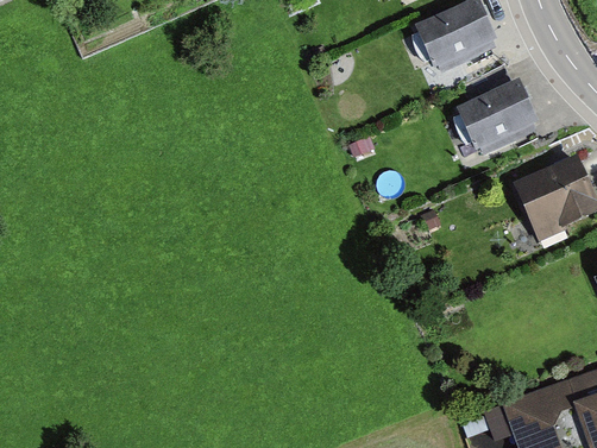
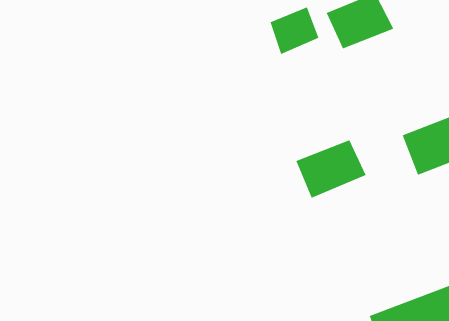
building: none -> [270,6,319,55]
building: [459,82,549,157] -> [295,139,367,198]

